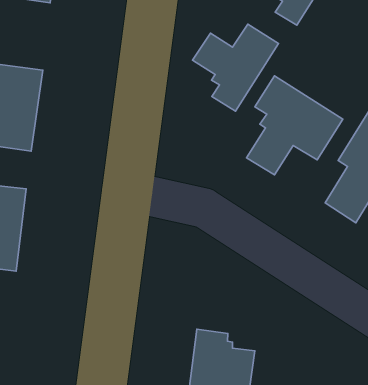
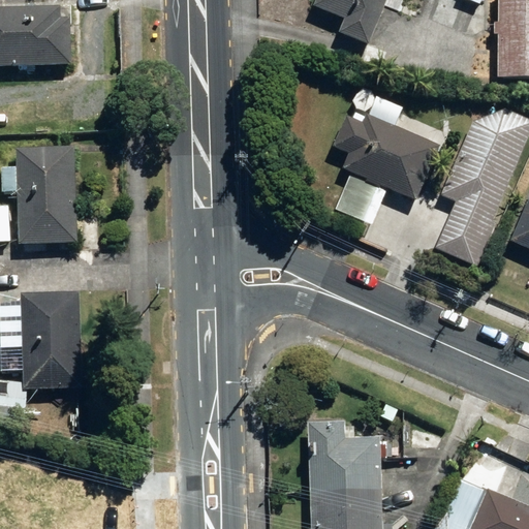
building: [193,24,278,111] -> none

